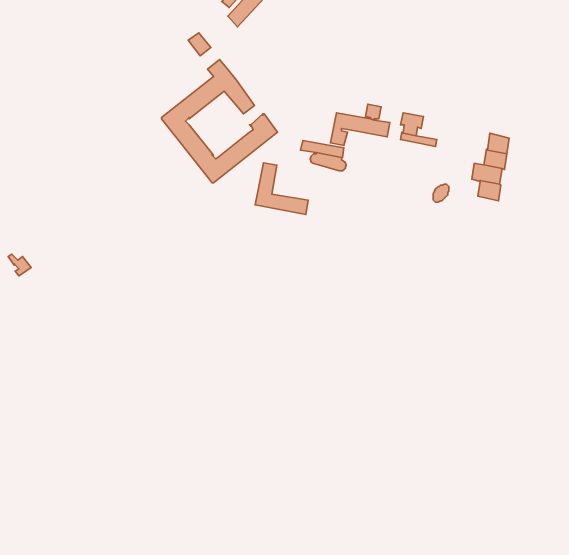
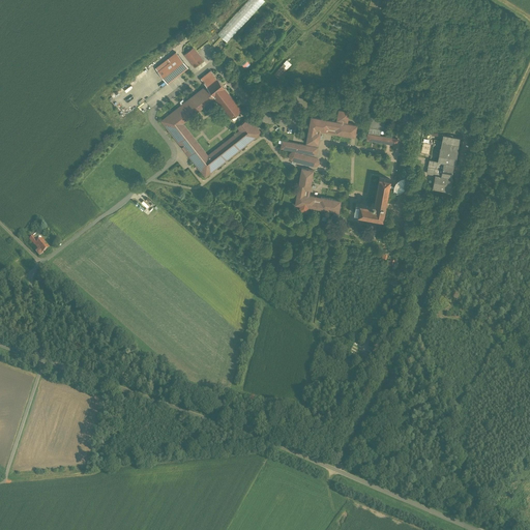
building: none -> [154,53,187,84]
building: [255,163,308,215] -> [294,169,340,213]
building: none -> [357,178,389,222]

